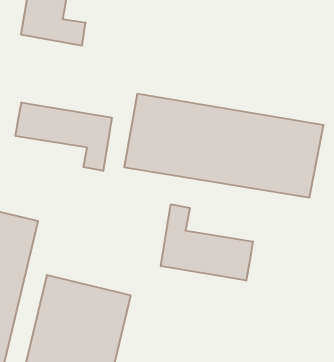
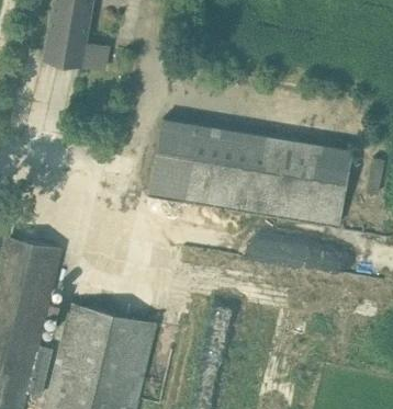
building: [16,102,112,171] -> none
building: [161,204,253,281] -> none

